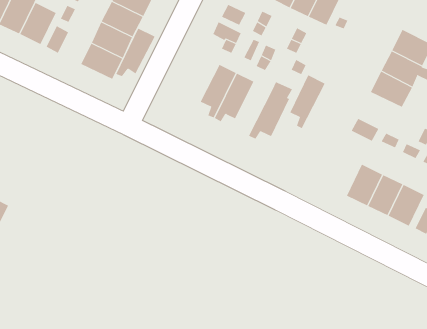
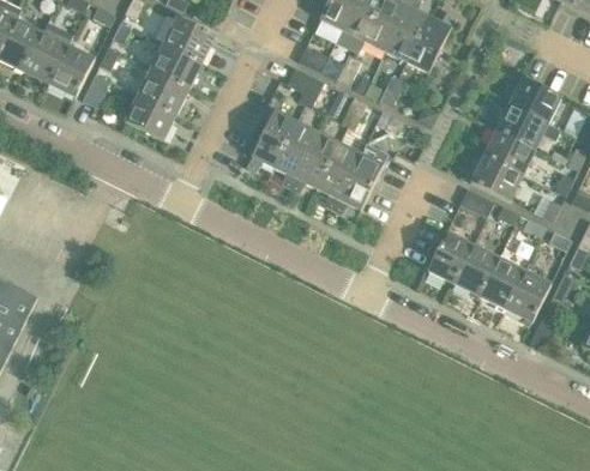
building: [116,28,155,77] -> [247,109,296,170]
building: [290,75,325,129] -> [317,141,361,209]
building: none -> [470,155,523,200]
building: none -> [427,230,472,283]

